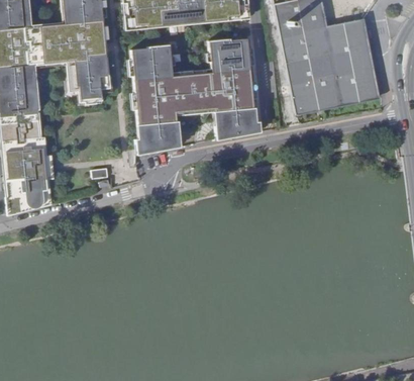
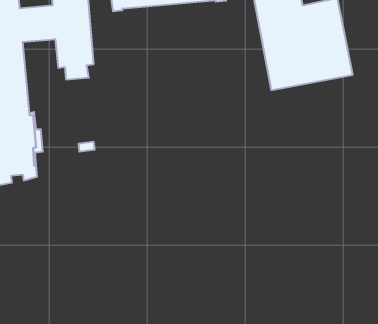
building: [131,33,264,151] -> none

